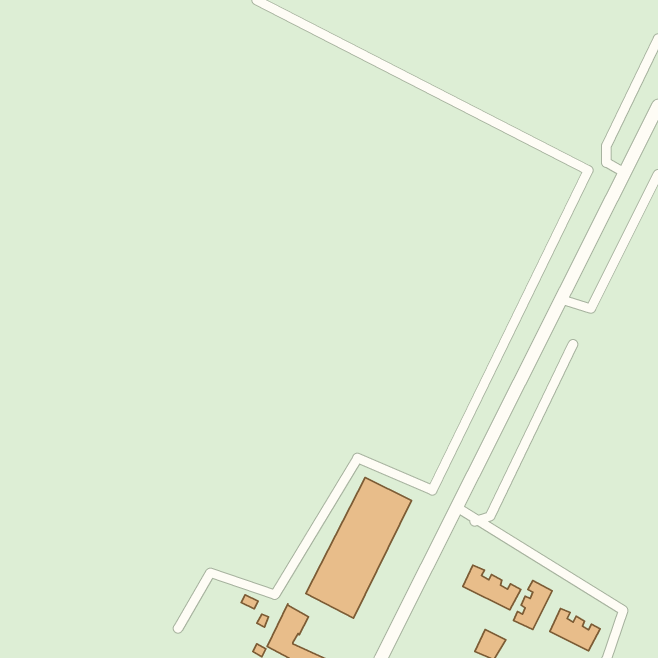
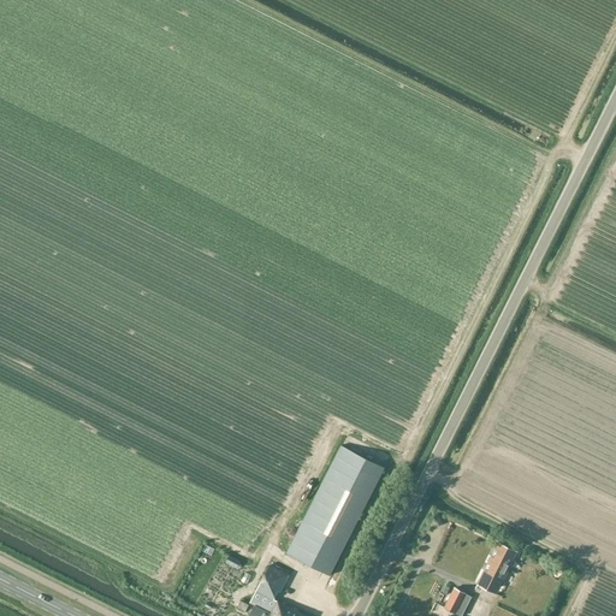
building: [463,565,521,610] -> none
building: [550,608,600,651] -> none

